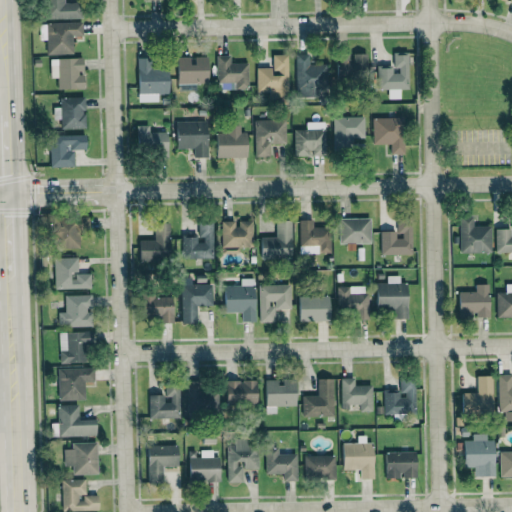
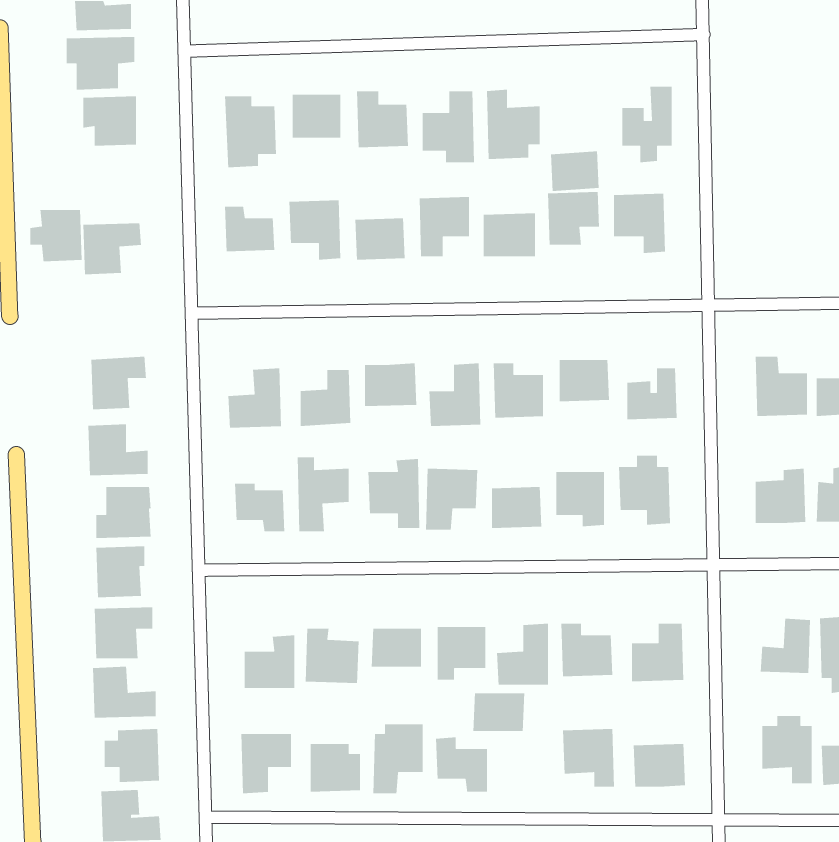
building: [339,53,369,78] -> [550,150,600,192]
building: [55,97,87,129] -> [30,209,82,262]
building: [305,455,337,479] -> [473,692,525,732]

